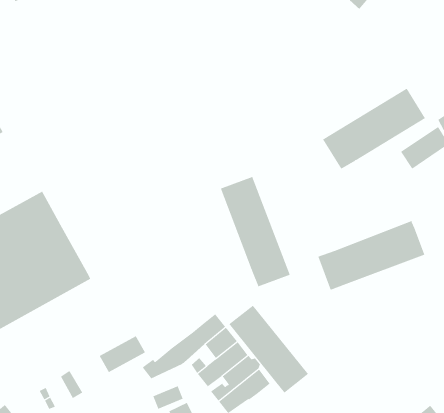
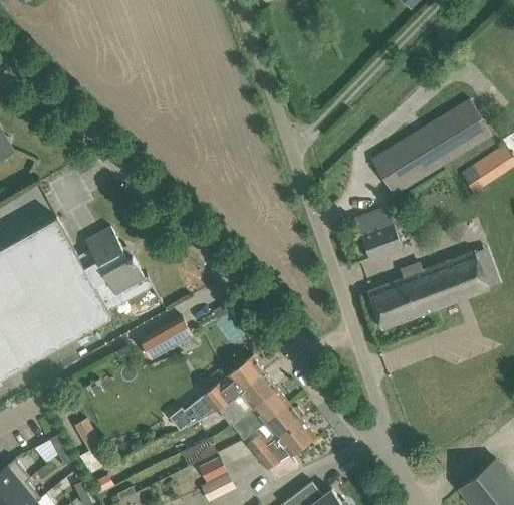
building: [220,176,291,287] -> none
building: none -> [354,209,403,260]
building: none -> [77,227,145,310]
building: [229,305,309,393] -> none
building: [99,336,146,373] -> [139,317,192,359]

